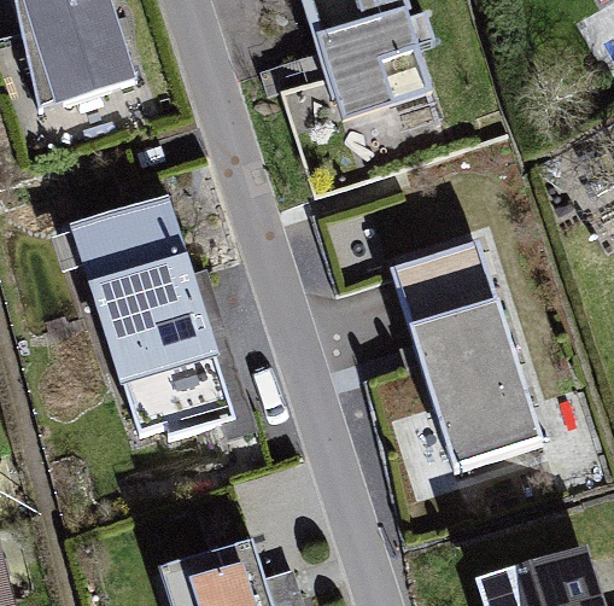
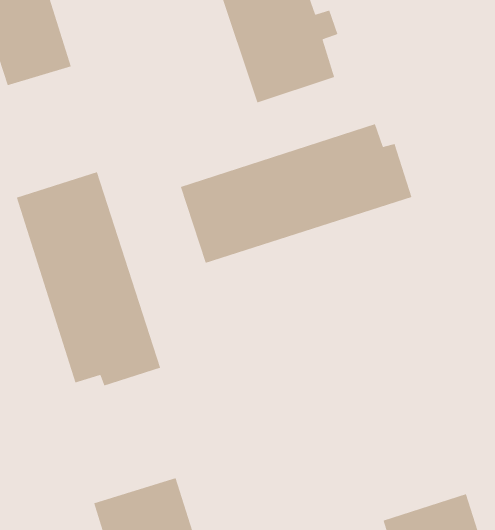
building: none -> [180,123,413,264]
building: [390,240,543,470] -> none

